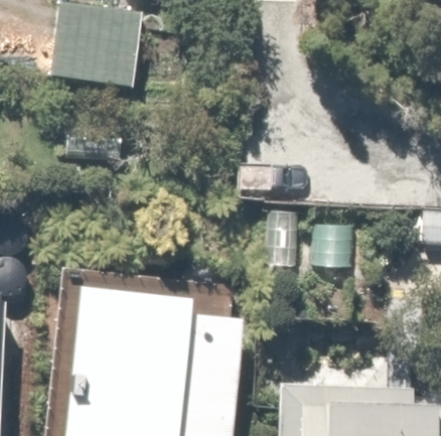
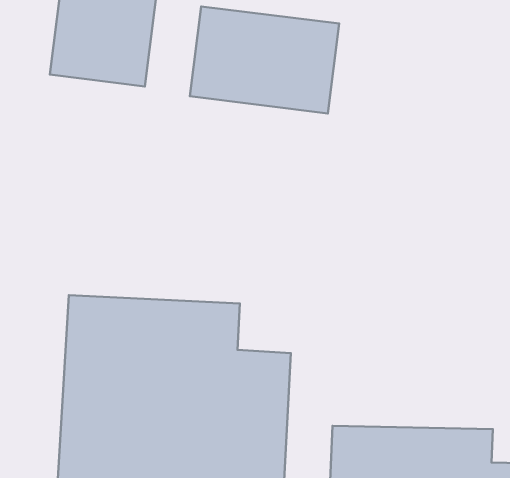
building: none -> [190,6,339,113]

